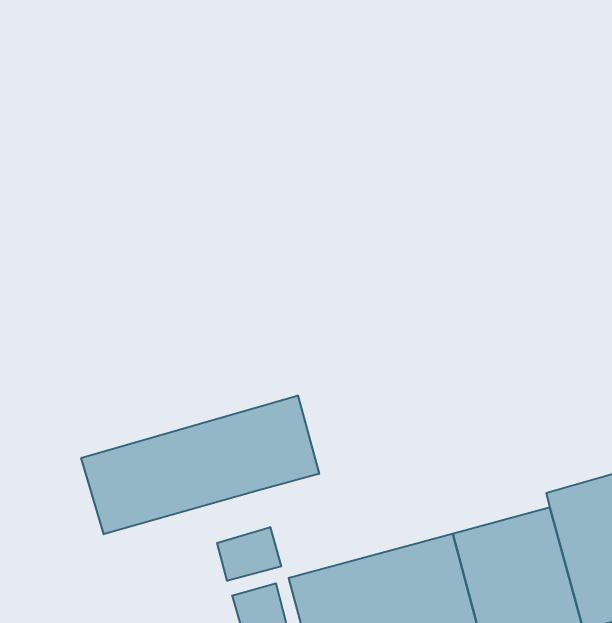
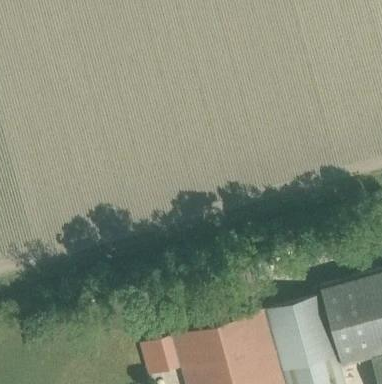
building: [81,395,319,534] -> none
building: [217,527,281,581] -> none

